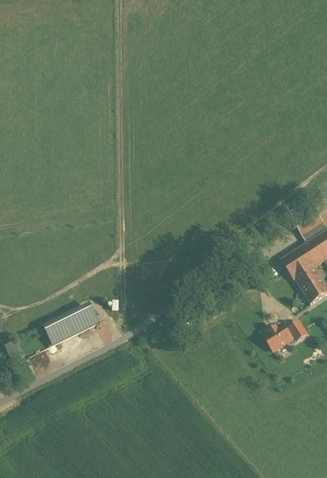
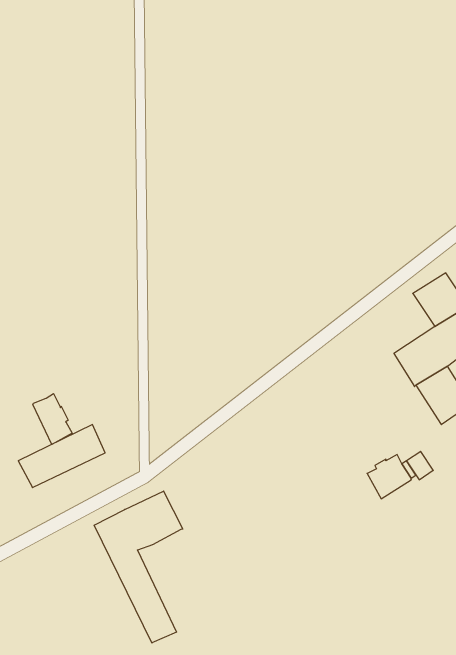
building: none -> [33,394,72,444]
building: none -> [94,491,183,643]

